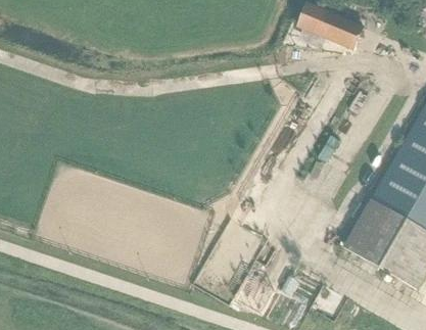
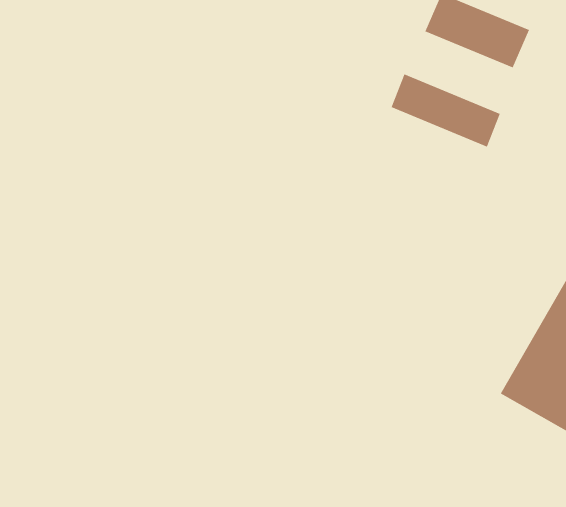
building: none -> [391,73,501,148]

